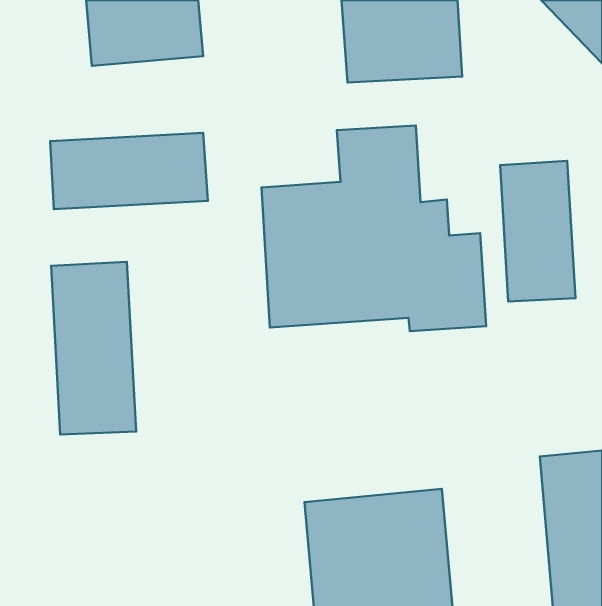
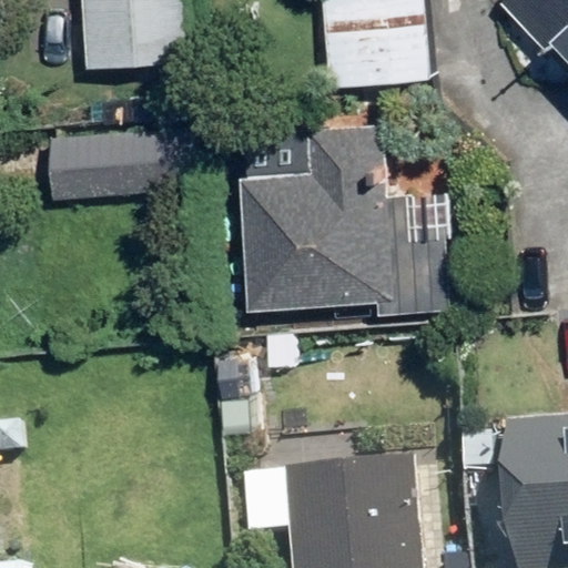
building: [500,161,576,301] -> none
building: [51,262,136,434] -> none

